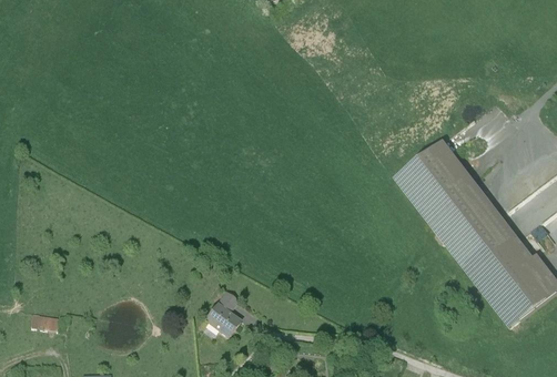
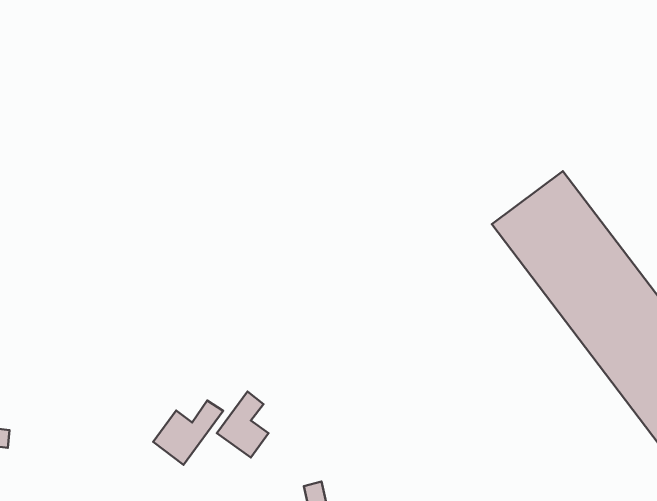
building: none -> [153,400,223,465]

